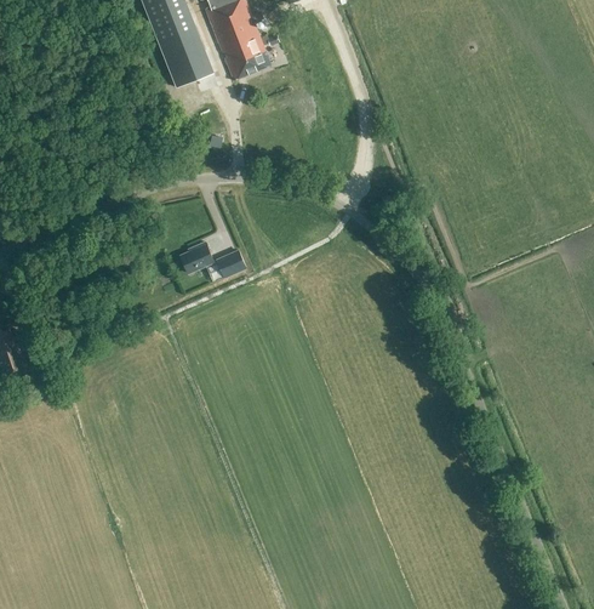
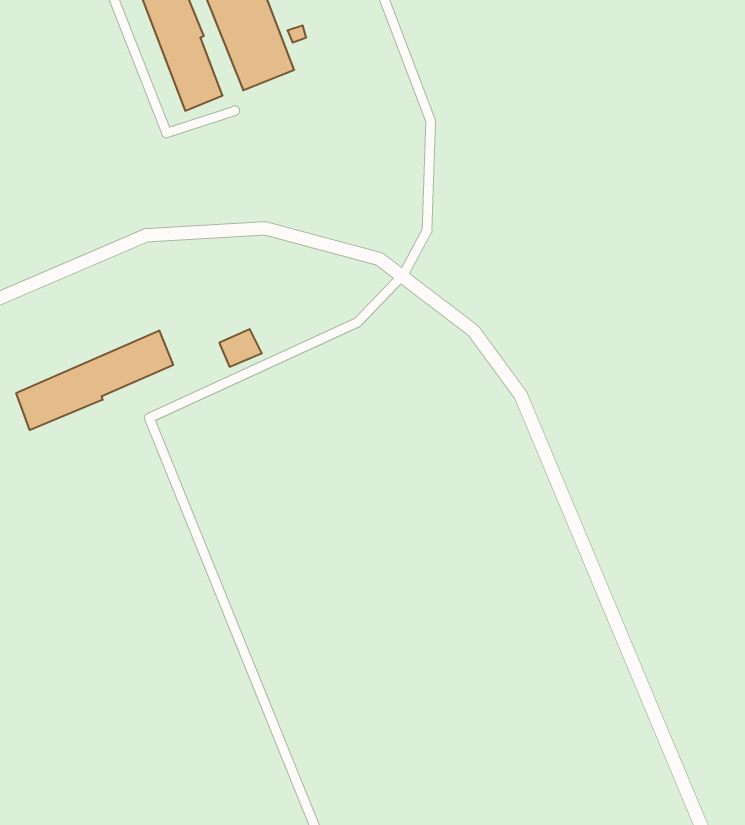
building: [176,239,210,271] -> none
building: none -> [16,330,173,430]

